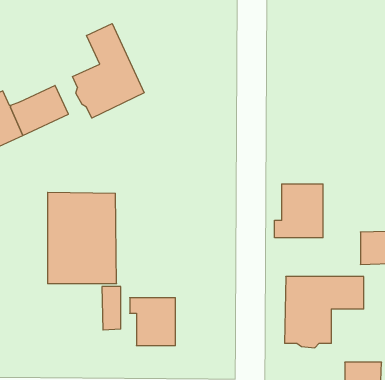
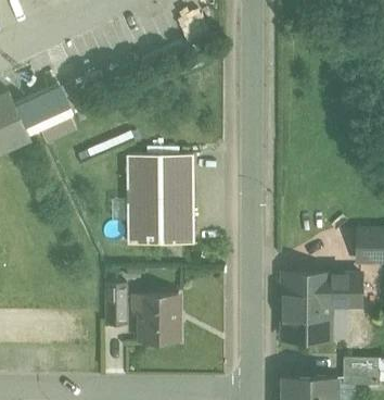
building: [73,24,144,118] -> none
building: [275,184,323,238] -> none
building: [48,192,117,284] -> [128,155,195,245]

